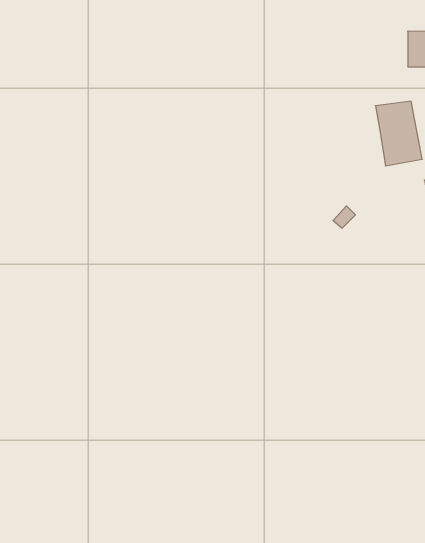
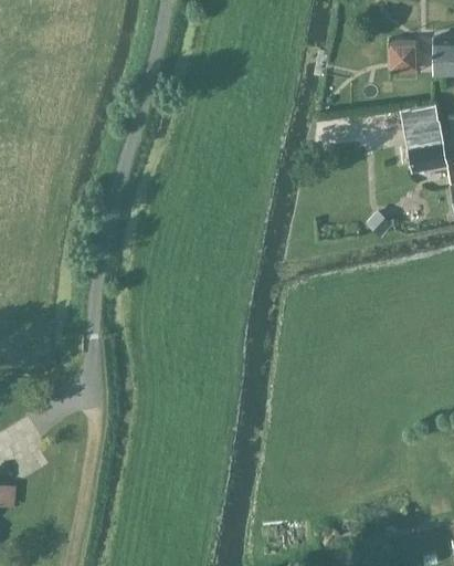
building: none -> [387,42,420,74]

